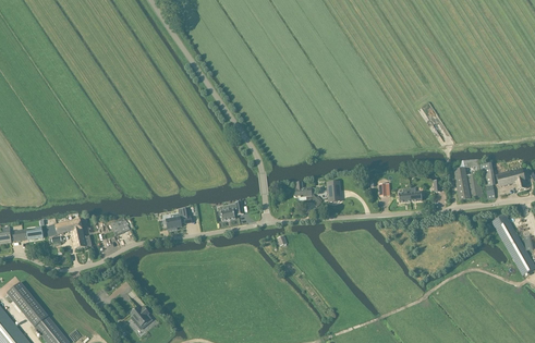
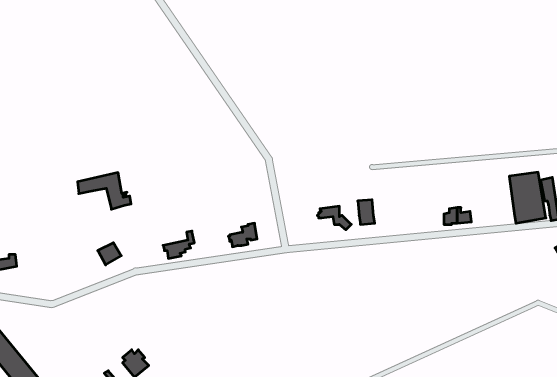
building: [47,218,92,248] -> [78,173,131,209]

